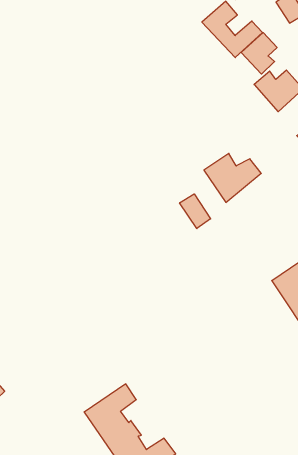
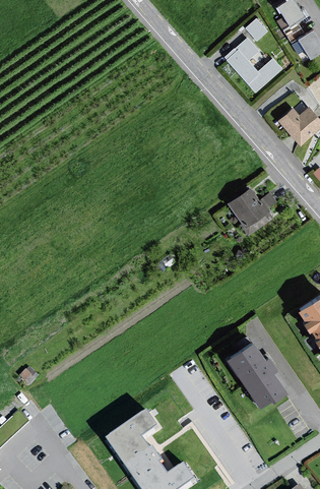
building: [241,33,277,74] -> none
building: [180,194,211,229] -> none
building: none -> [225,337,285,404]

